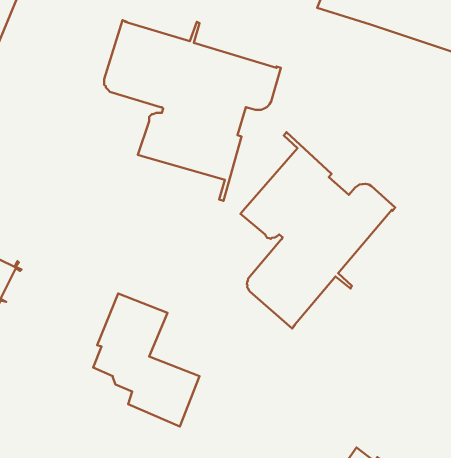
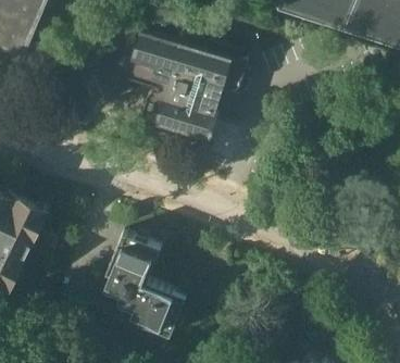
building: [240,132,395,329] -> none

